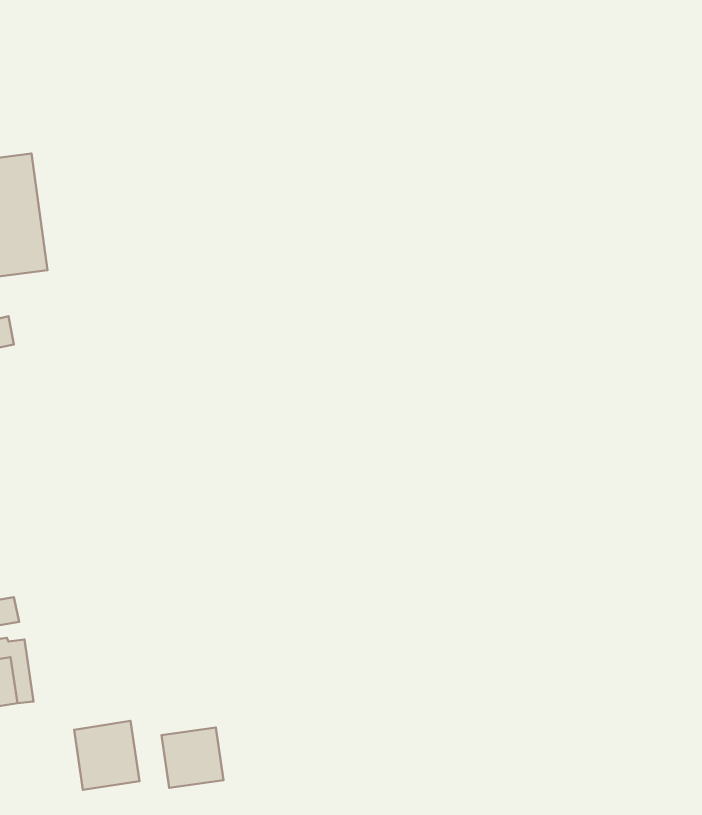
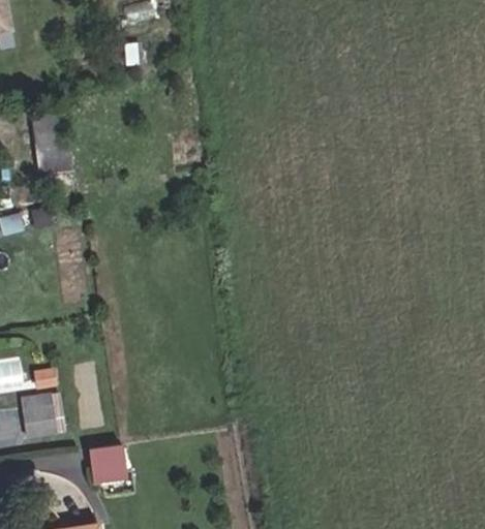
building: [162,728,223,788] -> none

